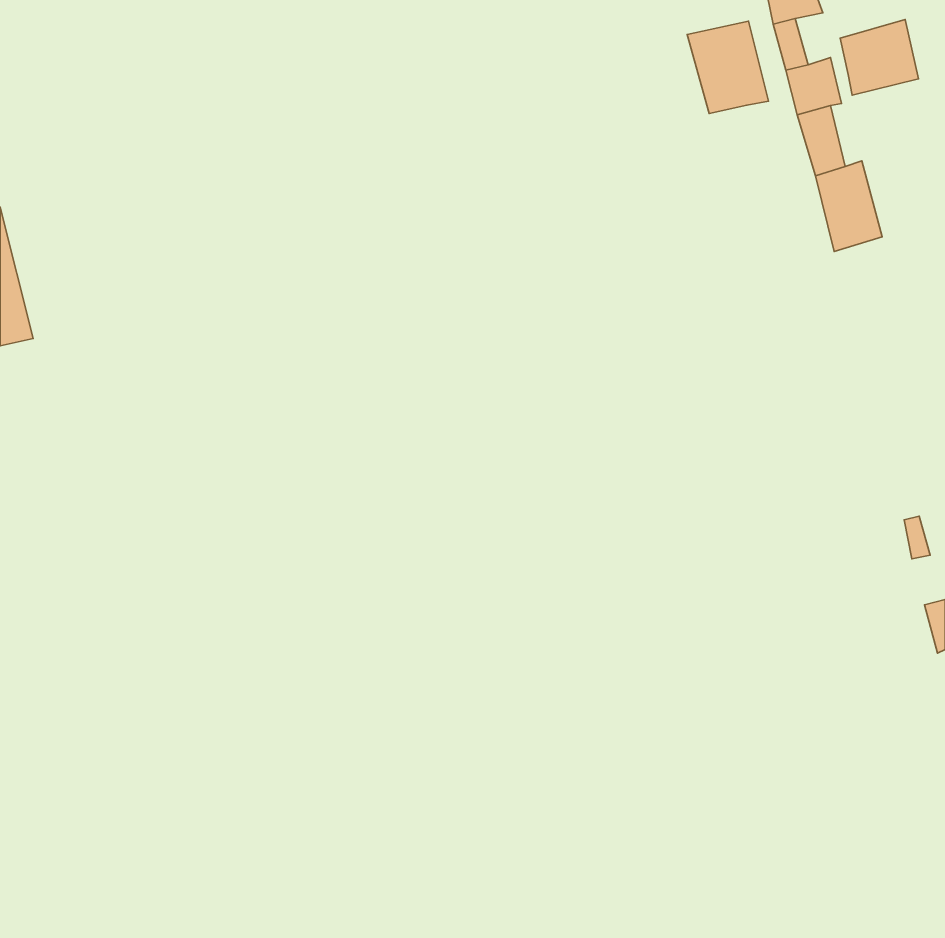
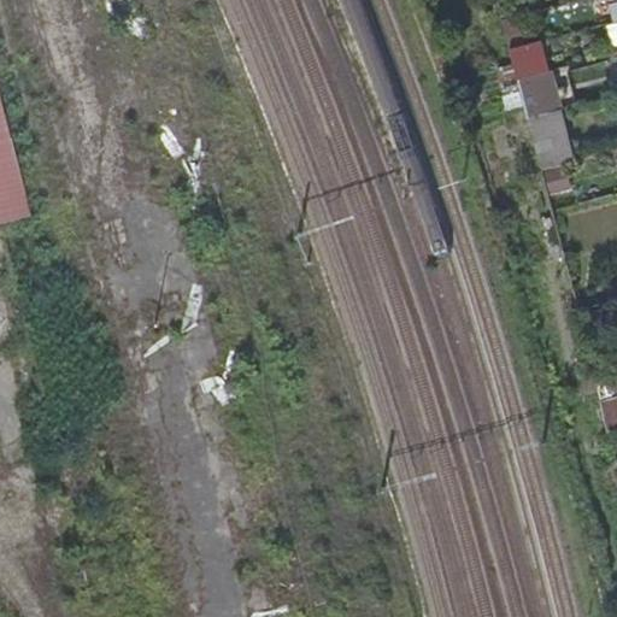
building: [840,20,918,95] -> none
building: [687,21,768,113] -> none

